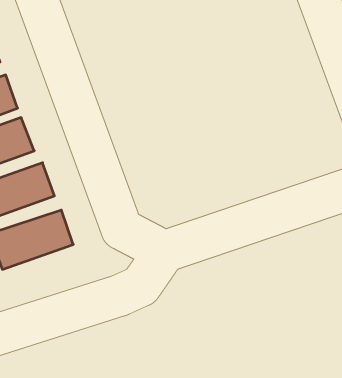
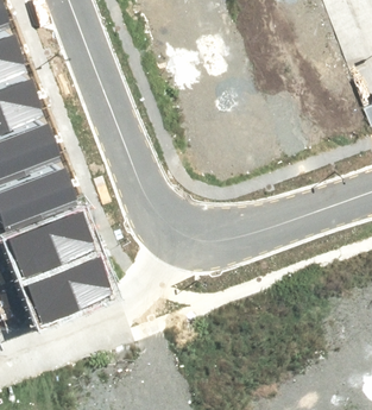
building: none -> [29,260,113,321]

